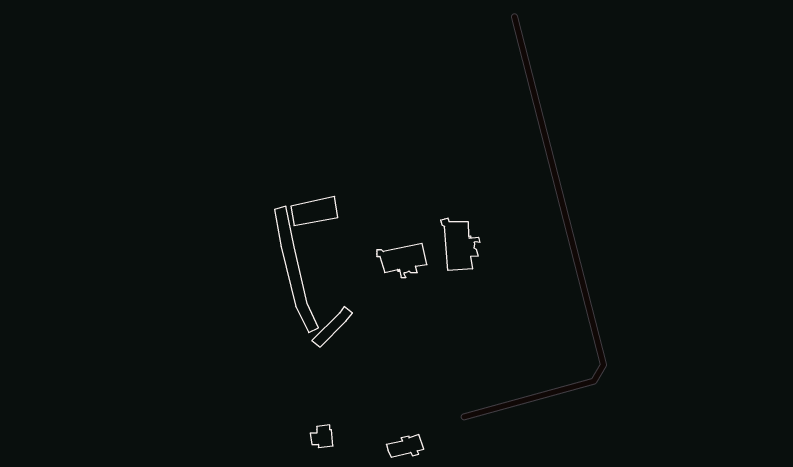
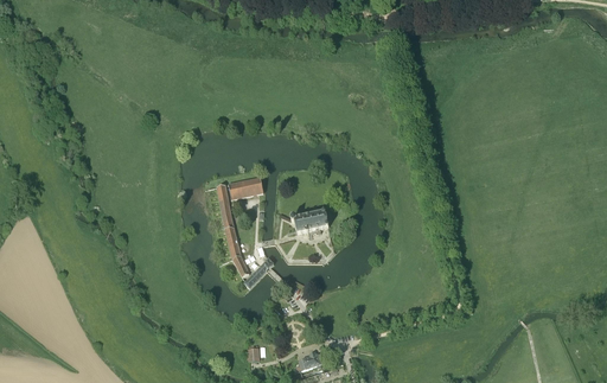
building: [441,218,480,270] -> none

